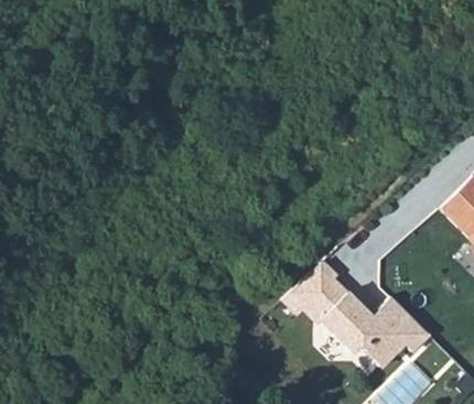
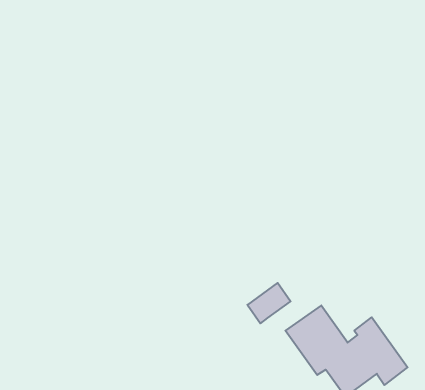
building: [303,262,347,321] -> none

